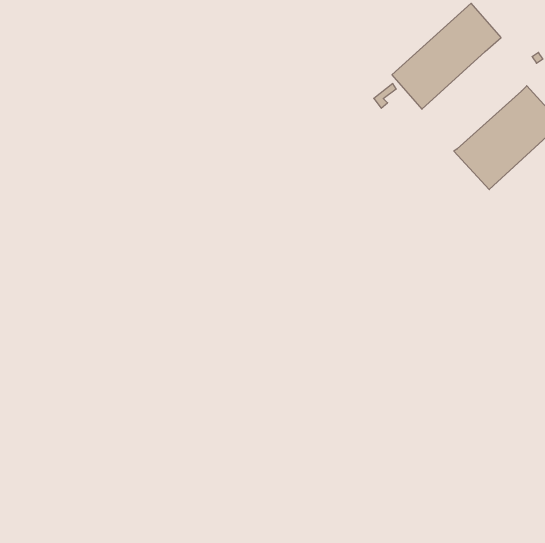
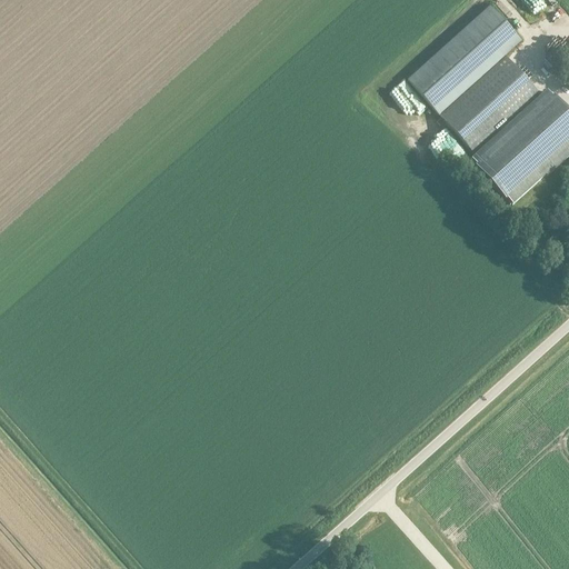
building: none -> [440,53,543,154]

